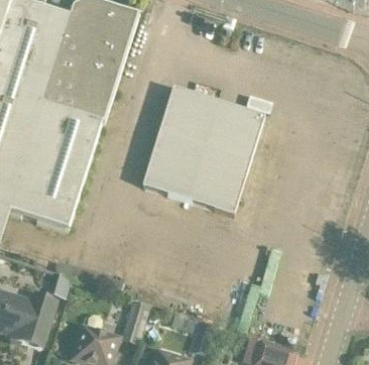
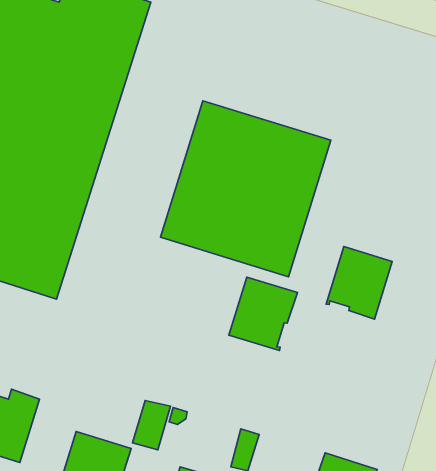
building: none -> [326,246,392,319]
building: none -> [229,277,298,350]

